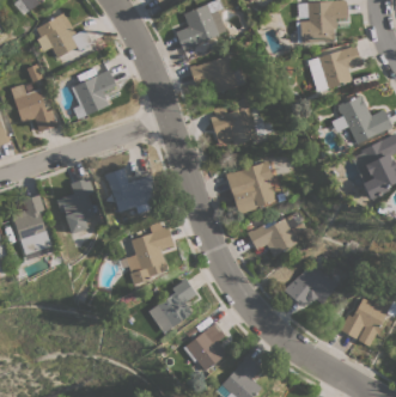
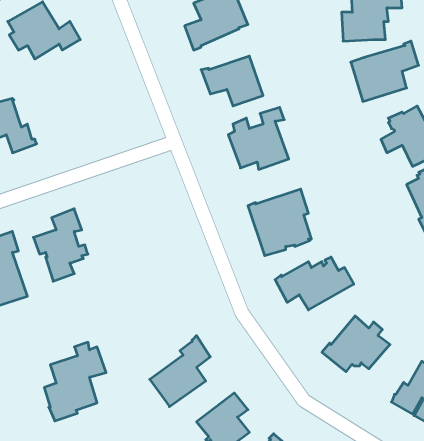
building: [71,67,116,118] -> none
building: [104,167,157,212] -> none
building: [126,221,175,283] -> [44,342,106,421]

